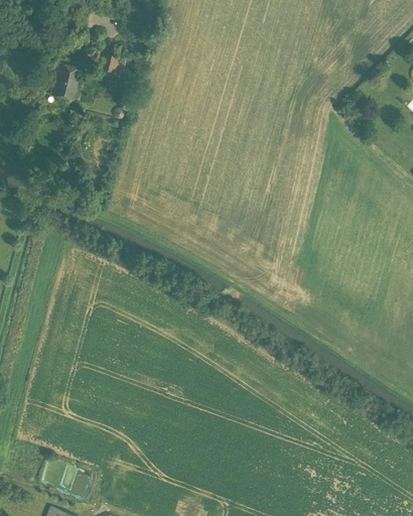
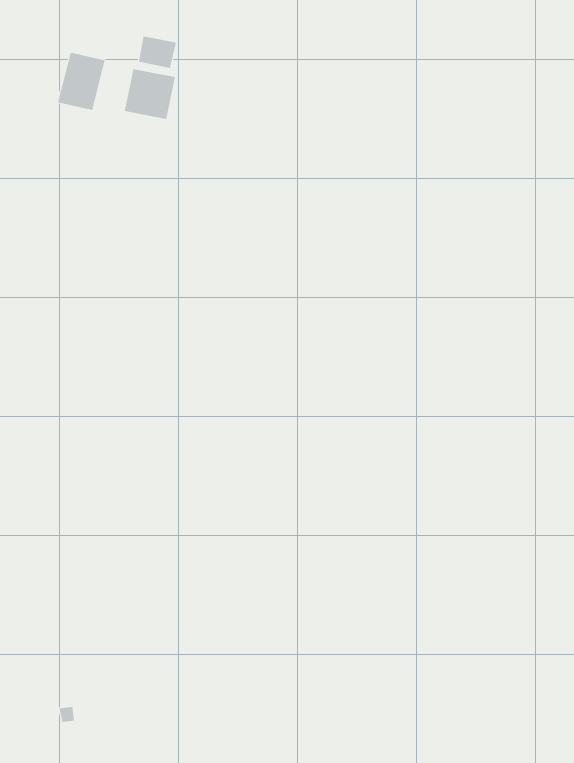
building: none -> [124,68,176,120]

